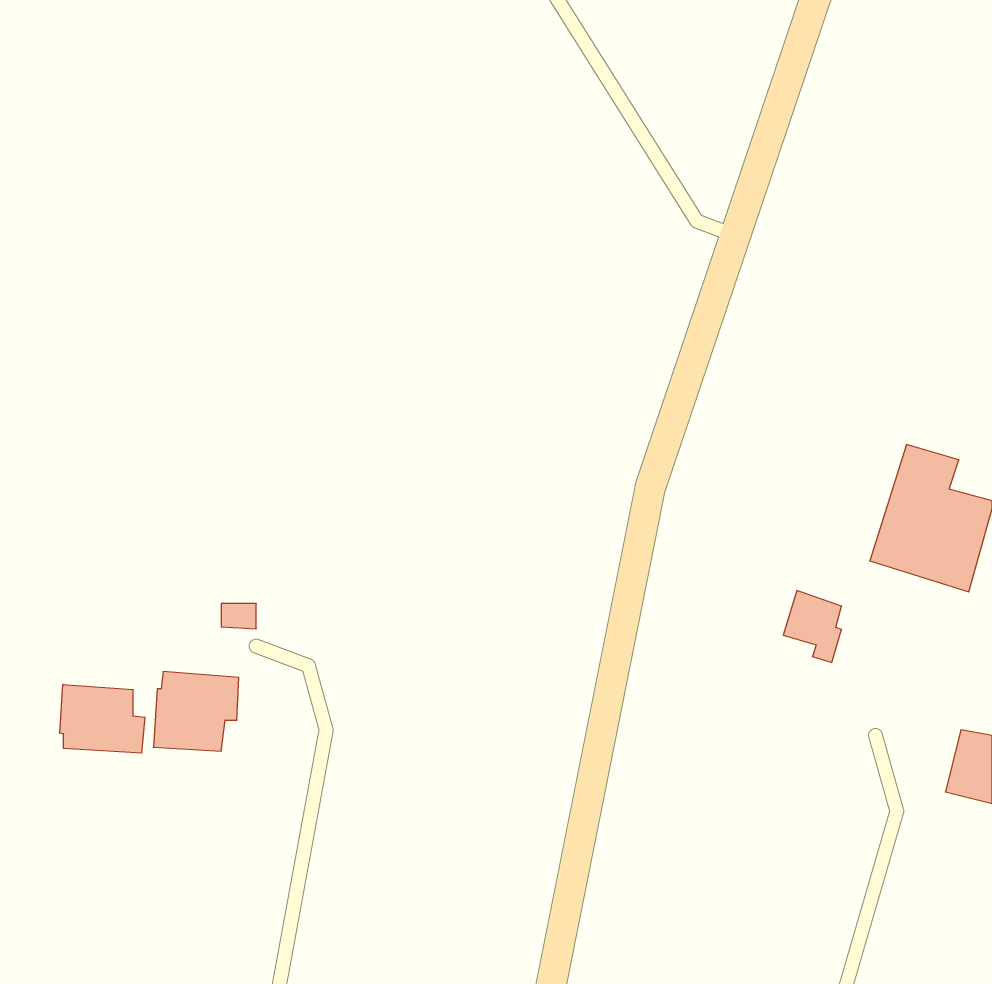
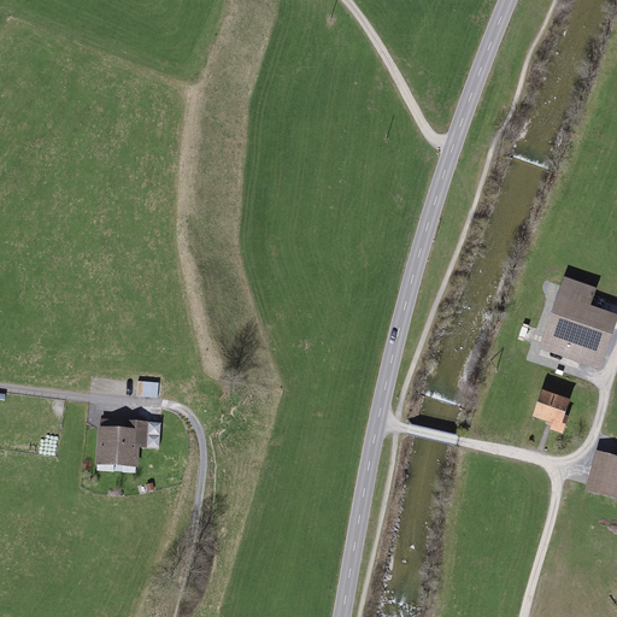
building: [783,591,842,662] -> [533,390,569,435]
building: [60,684,145,753] -> none

